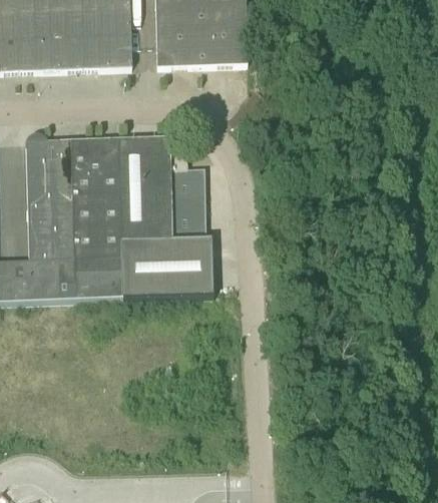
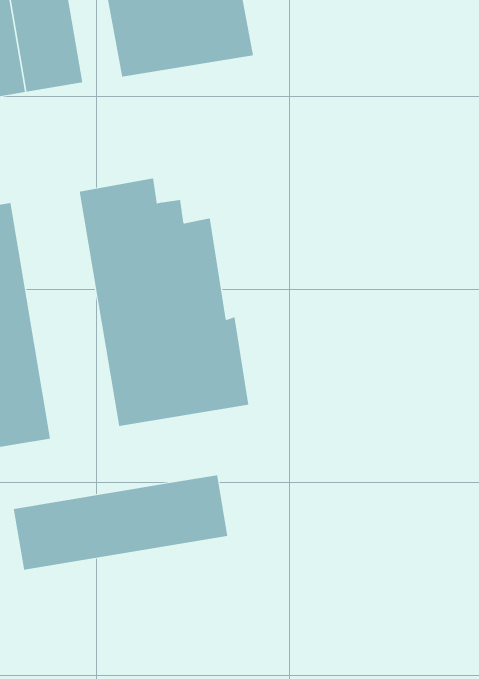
building: [72,137,122,300] -> none
building: none -> [13,474,228,570]

